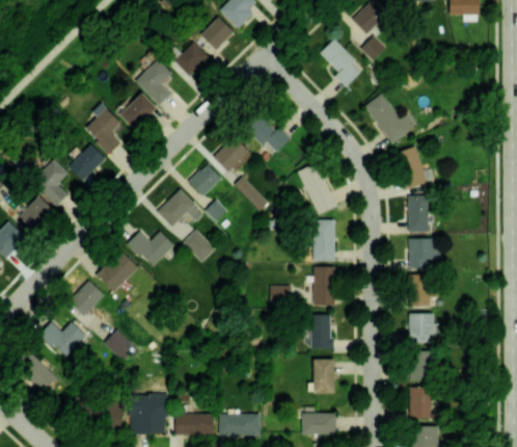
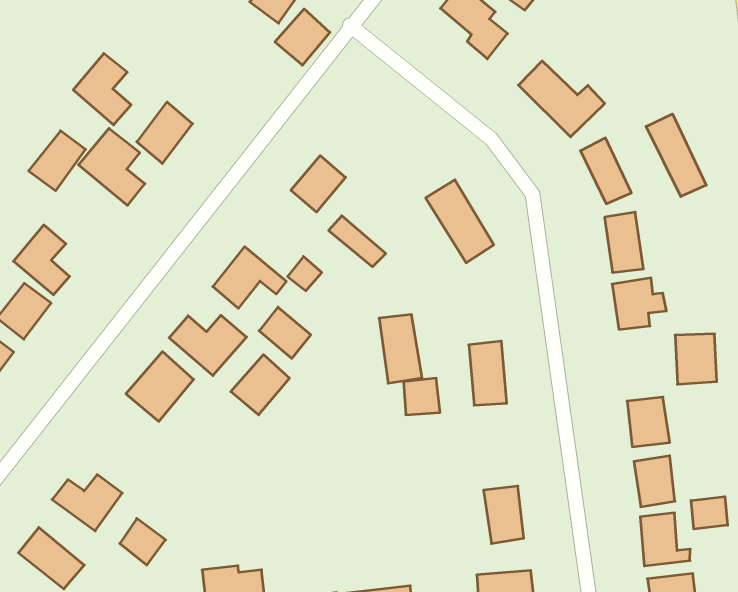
building: [173,42,209,77] -> [275,9,330,65]
building: [136,60,171,106] -> [73,53,131,125]
building: [246,114,291,153] -> none
building: none -> [646,114,706,197]
building: [67,144,105,182] -> [29,131,86,191]
building: [188,164,221,196] -> none
building: [312,220,335,262] -> [379,315,422,383]
building: none -> [231,355,289,415]
building: [408,275,435,308] -> [675,334,717,384]
building: [67,281,104,317] -> none
building: [309,315,332,350] -> none
building: [104,330,133,360] -> [120,518,166,565]
building: none -> [691,497,728,529]

